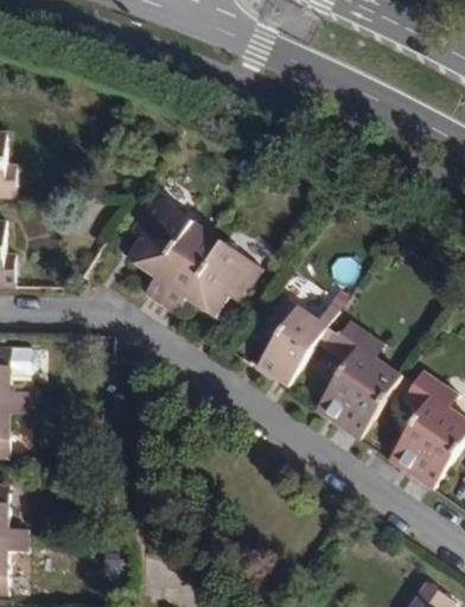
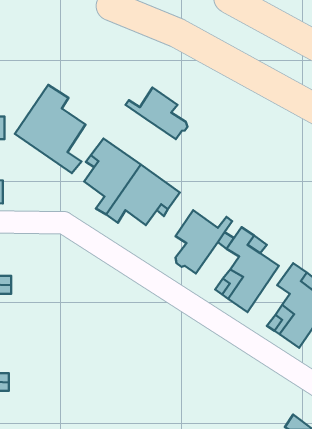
building: none -> [15,85,86,173]
building: none -> [126,87,188,139]

